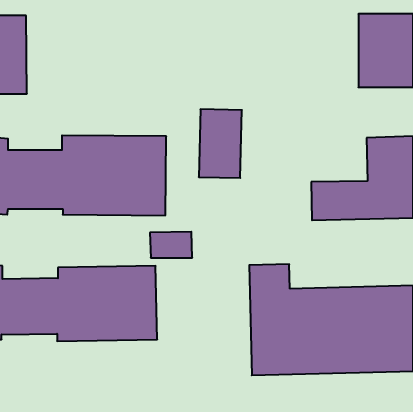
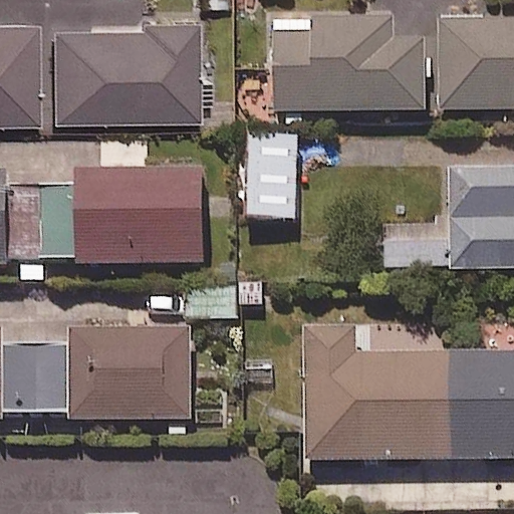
building: none -> [277,15,427,110]
building: none -> [48,18,196,115]

